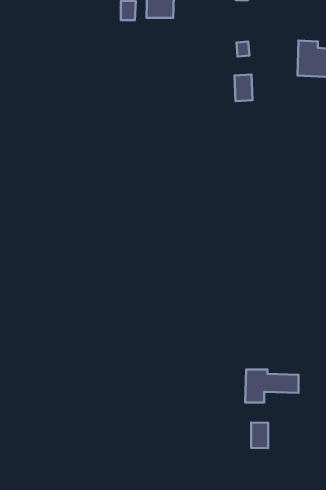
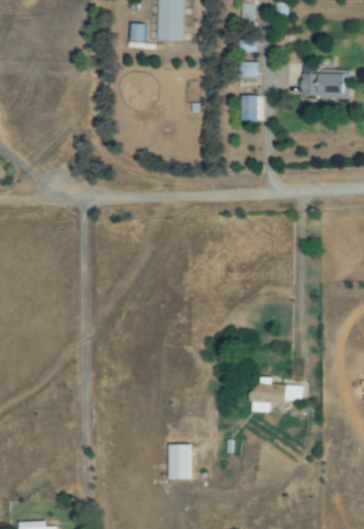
building: [251,422,268,448] -> none
building: none -> [169,443,191,478]

